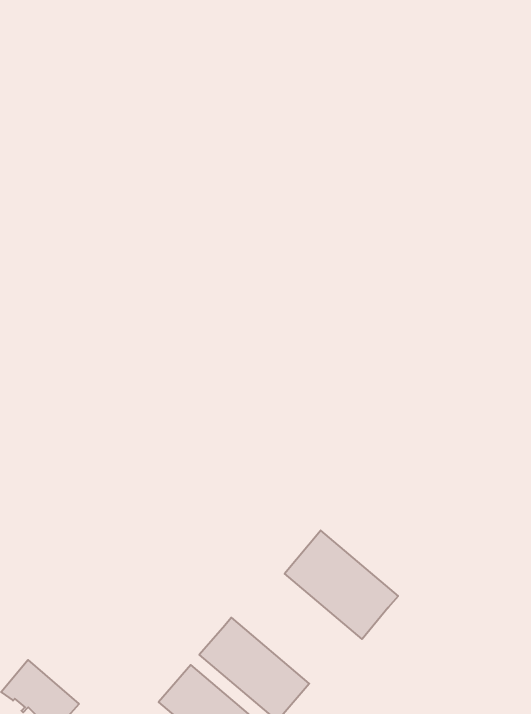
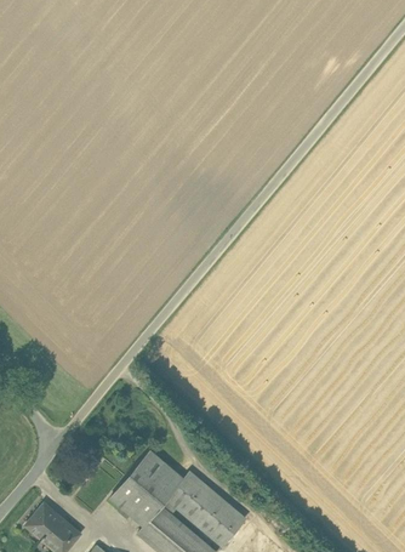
building: [285,530,398,639] -> none
building: none -> [110,451,183,525]

